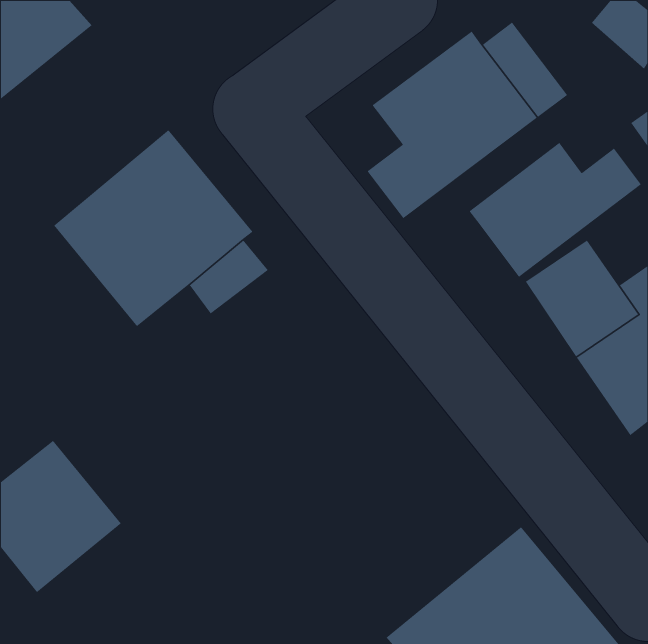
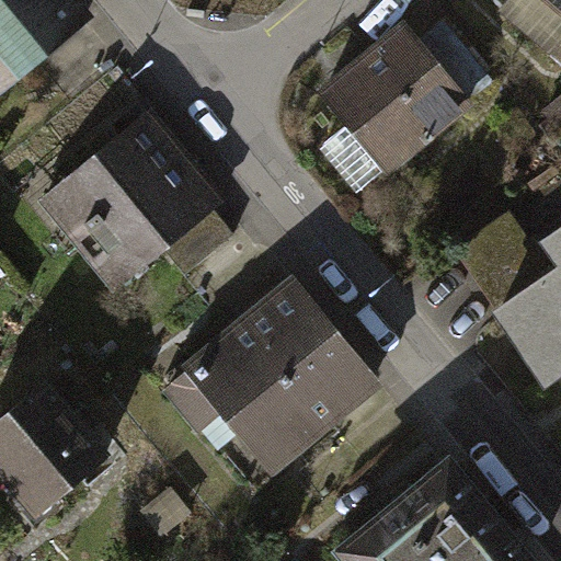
building: [468,142,642,278] -> none
building: none -> [168,286,375,457]

